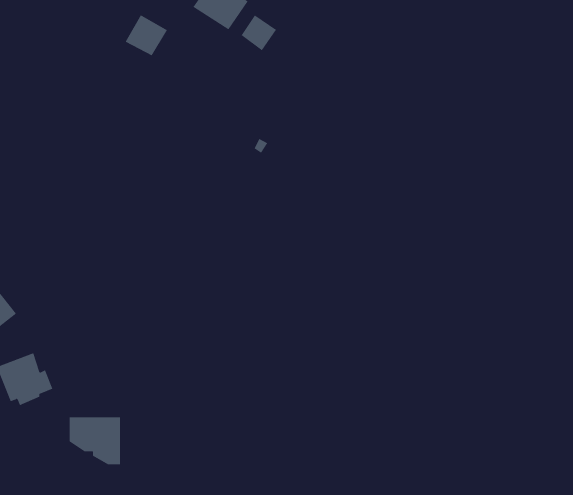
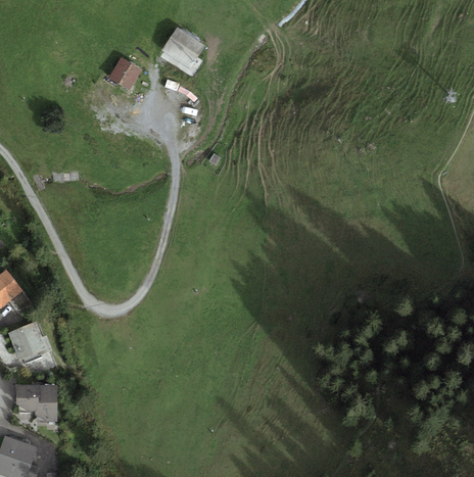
building: [241,14,277,51] -> none
building: [69,417,121,465] -> [16,384,57,422]

